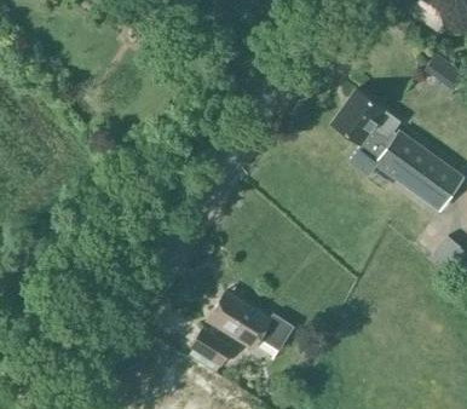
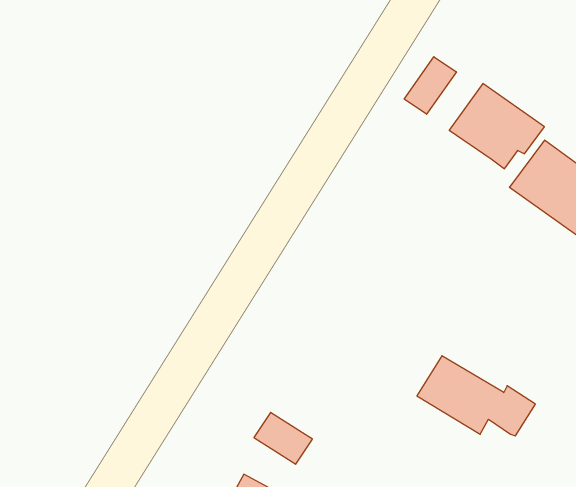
building: none -> [404,57,456,114]
building: [207,292,293,350] -> [417,356,535,436]

